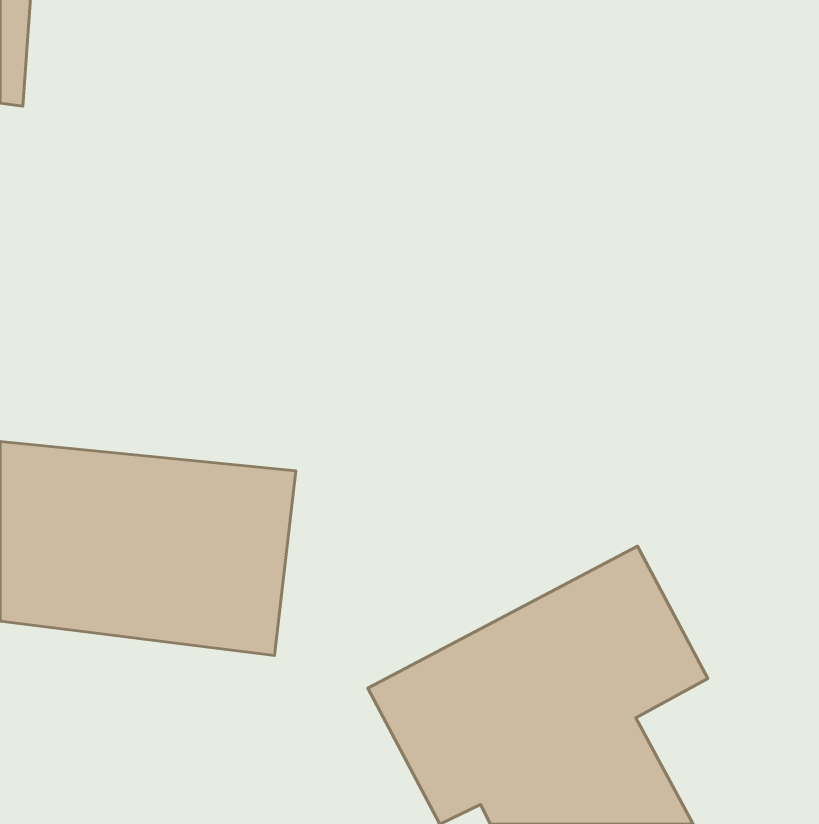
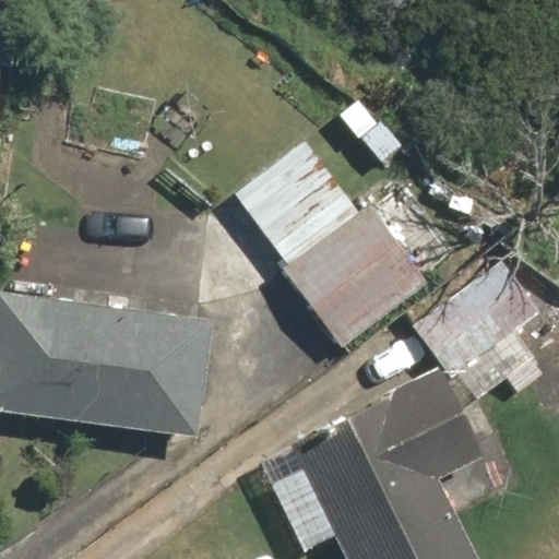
building: none -> [234,134,427,348]
building: none -> [429,288,543,401]

